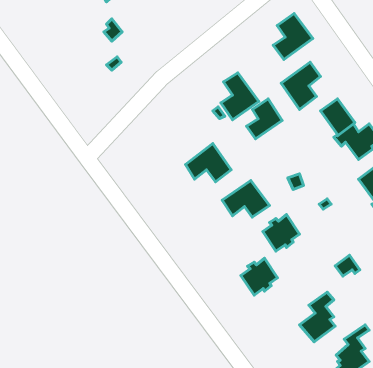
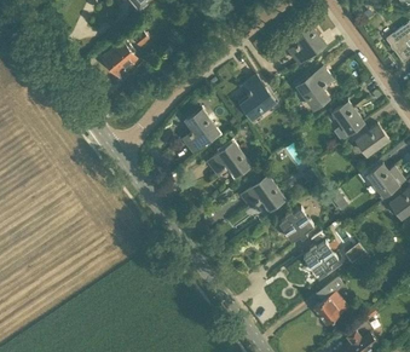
building: none -> [102,42,138,82]
building: [246,99,282,139] -> none
building: none -> [184,110,219,152]
building: [241,258,278,295] -> [304,242,337,276]

